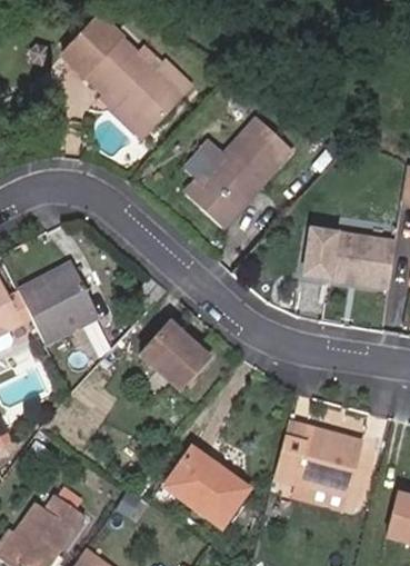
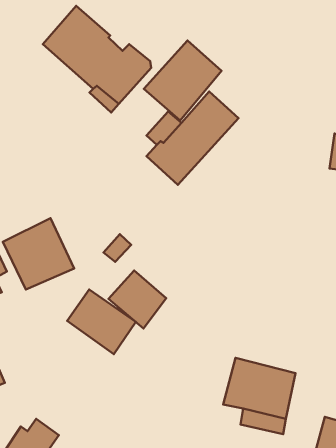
building: none -> [144,40,222,121]
building: [304,225,397,280] -> none
building: [170,447,250,523] -> [67,290,136,354]

